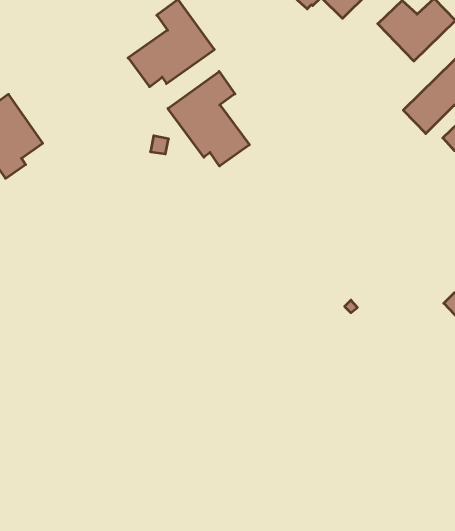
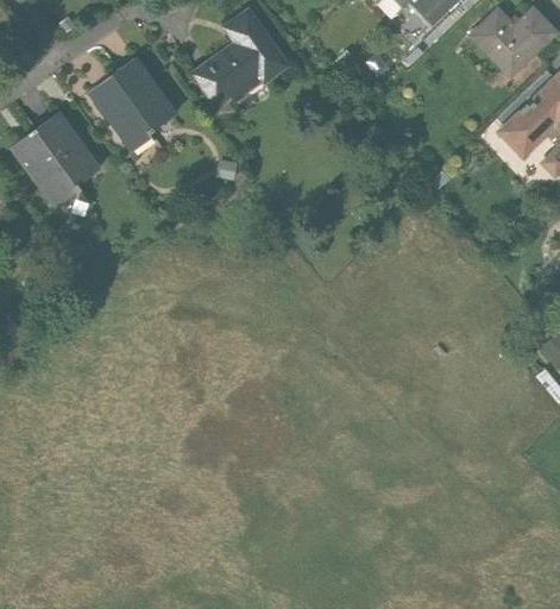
building: none -> [90,59,175,147]
building: [168,71,249,166] -> none

